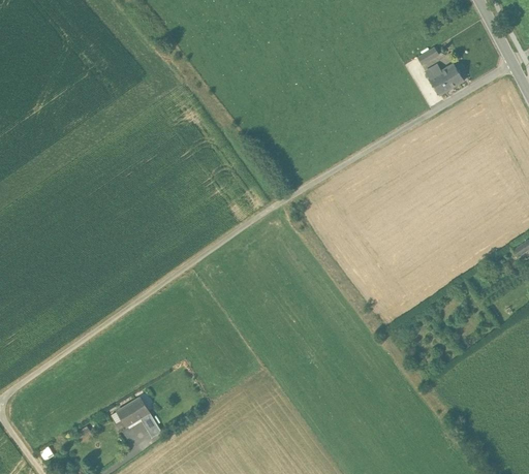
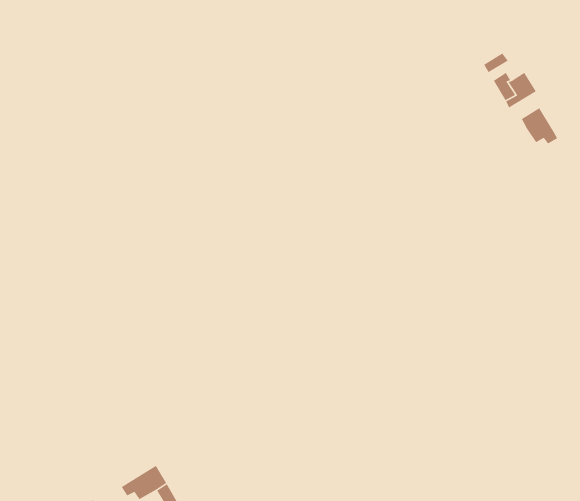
building: none -> [521,107,558,145]

